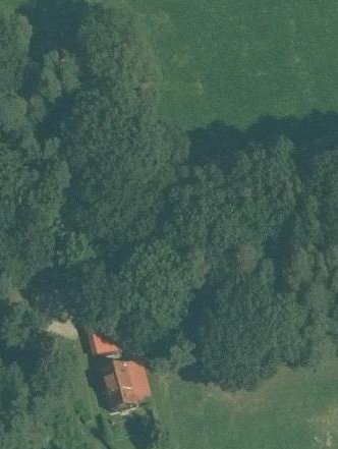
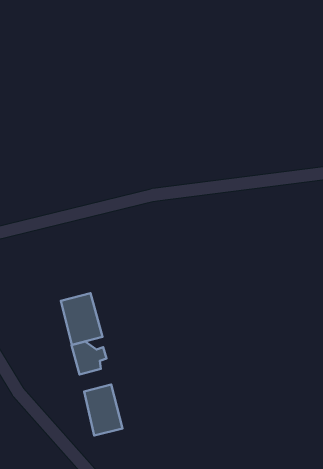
building: none -> [61,293,102,345]

